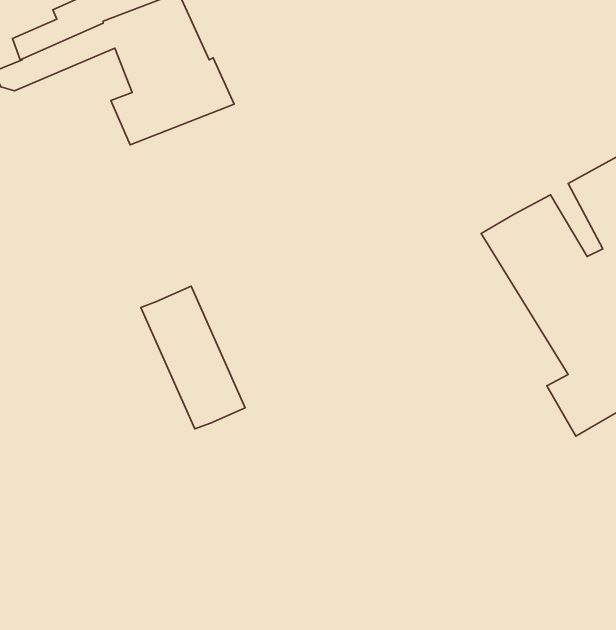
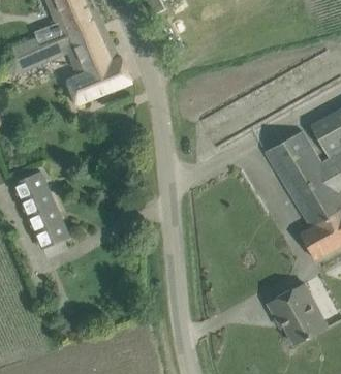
building: [141,286,245,429] -> [12,172,68,248]
building: none -> [267,283,327,344]

